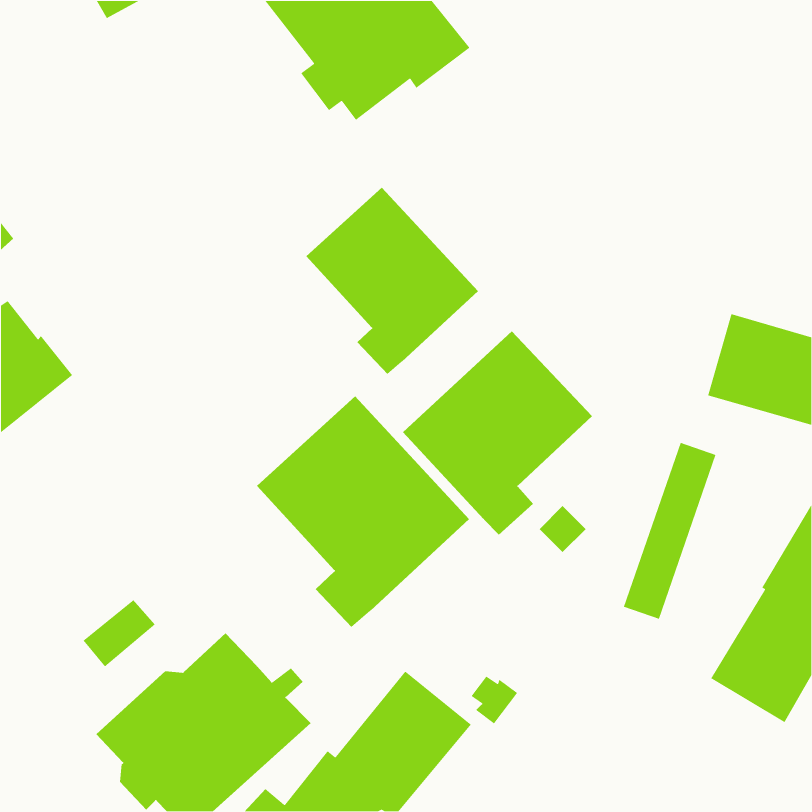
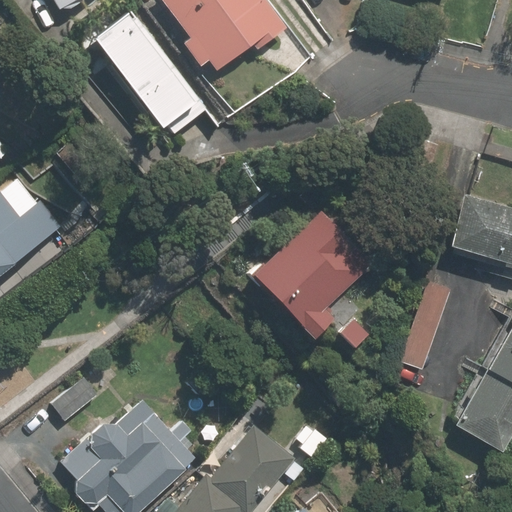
building: none -> [97,12,206,136]
building: [305,187,479,375] -> none
building: [256,395,470,628] -> none

